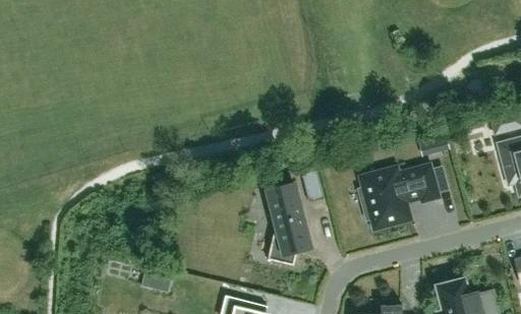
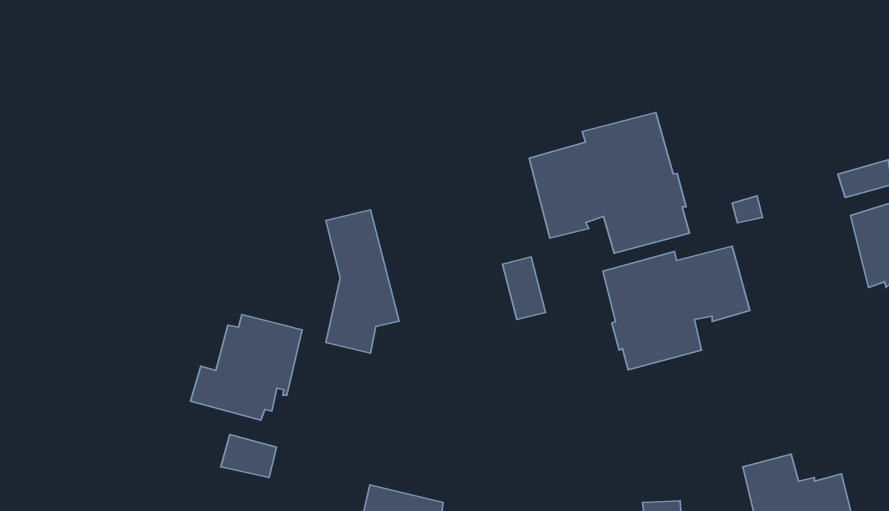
building: none -> [529,112,690,253]
building: [268,184,309,265] -> [326,210,399,353]
building: none -> [191,314,302,420]

